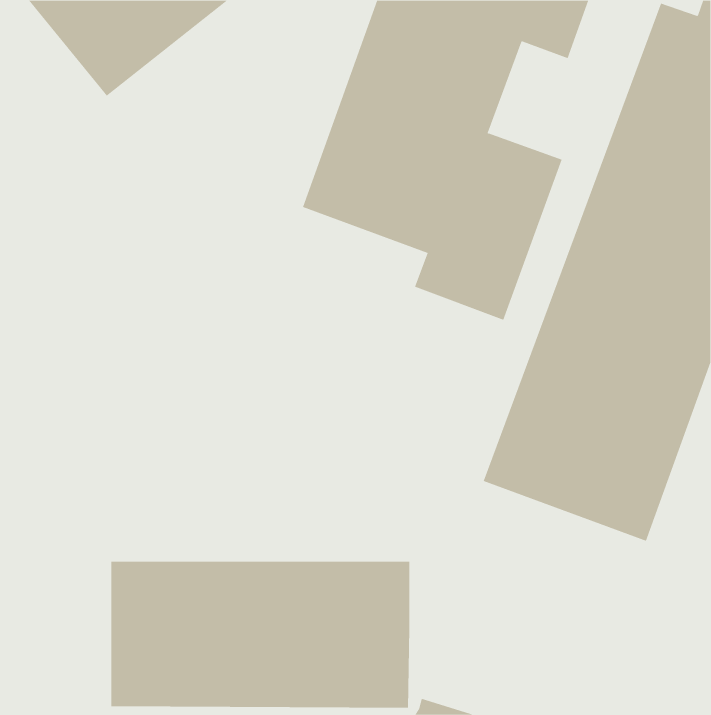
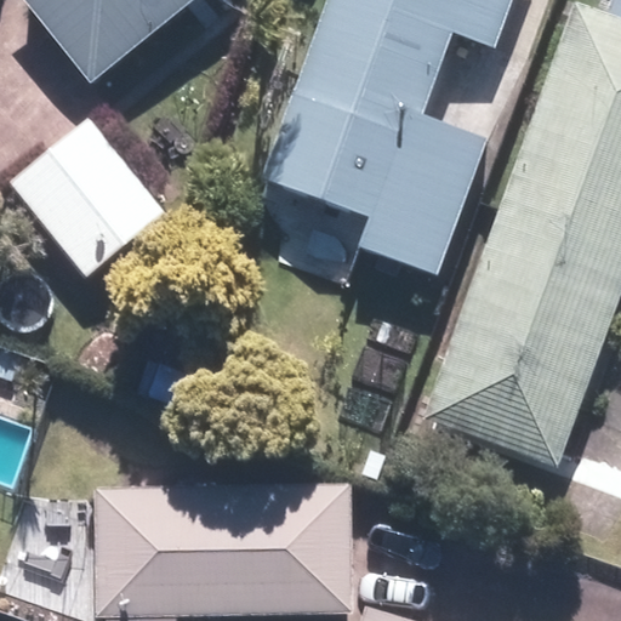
building: none -> [8,121,164,279]

